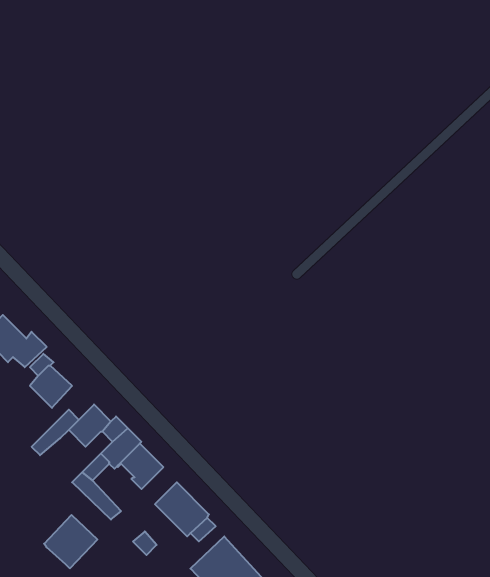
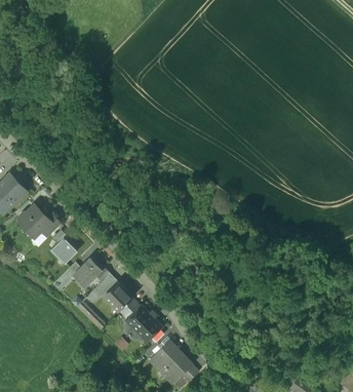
building: [44,515,97,568] -> none

